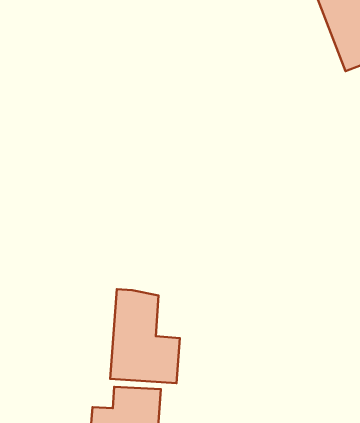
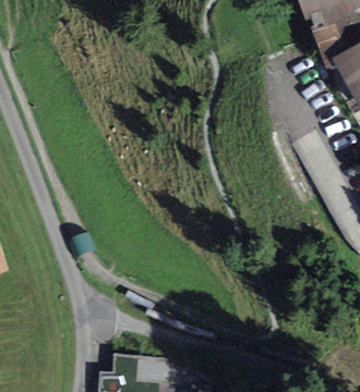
building: [110,289,180,383] -> none

